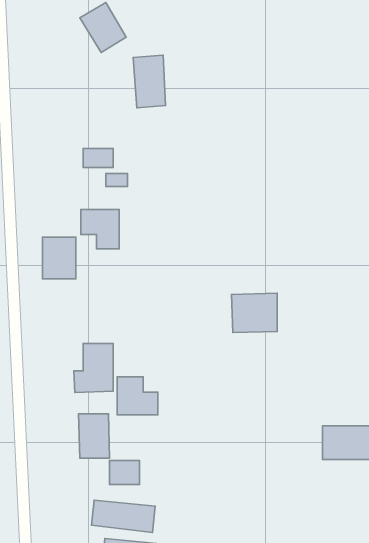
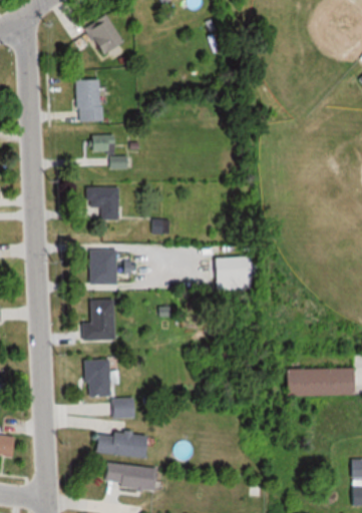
building: [133,55,166,108] -> [75,78,102,122]
building: [42,237,76,279] -> [89,248,117,284]
building: [117,377,158,415] -> none

